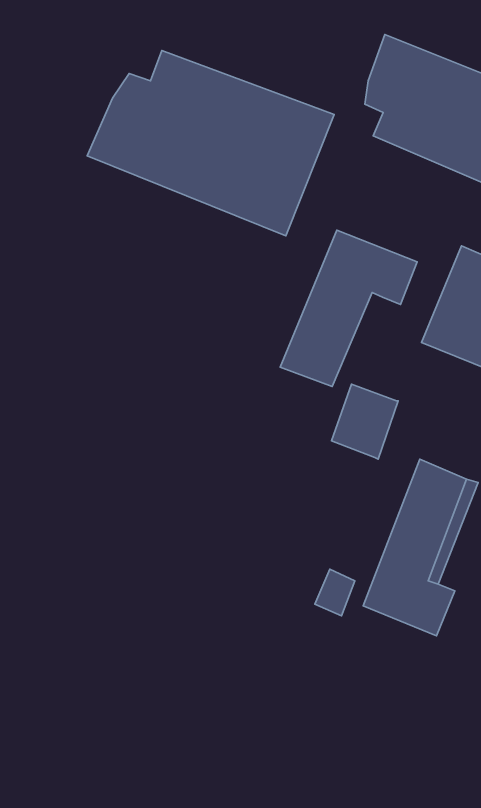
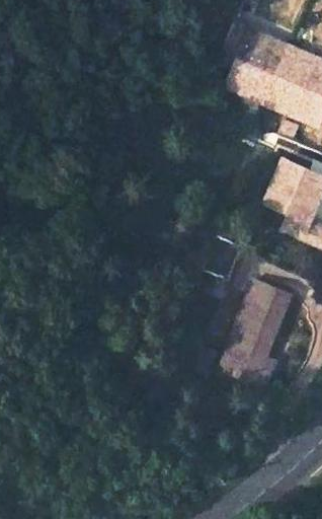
building: [87,51,334,236] -> none
building: [280,230,417,387] -> none

